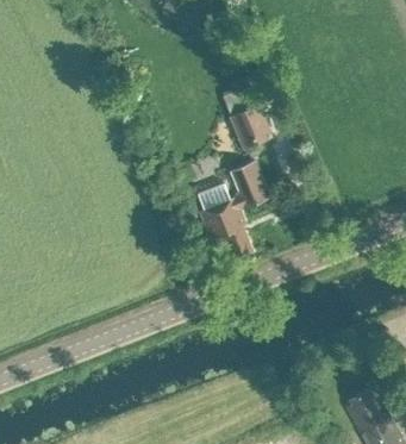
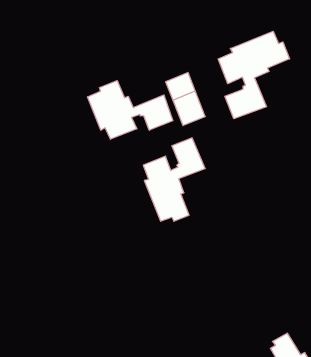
building: none -> [218,31,290,119]
building: none -> [88,81,173,139]

